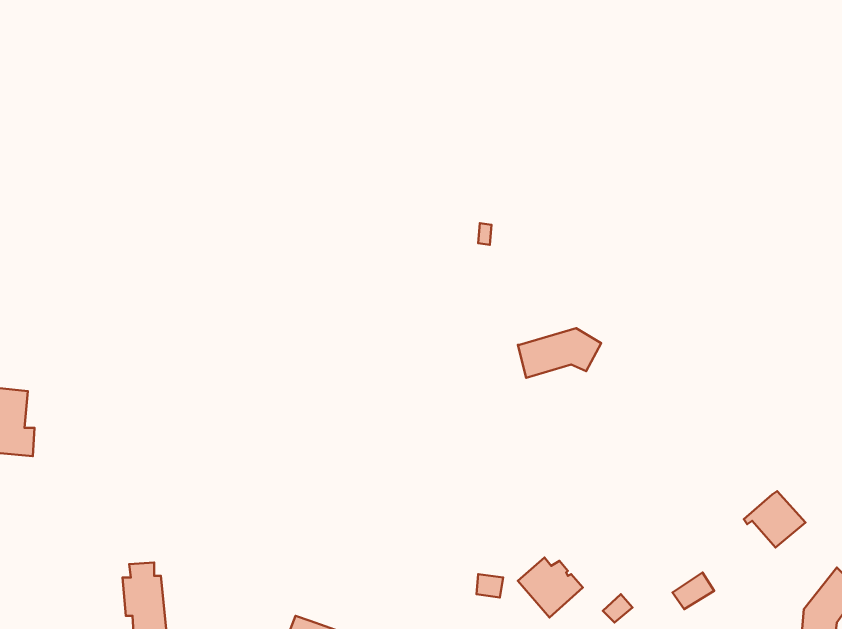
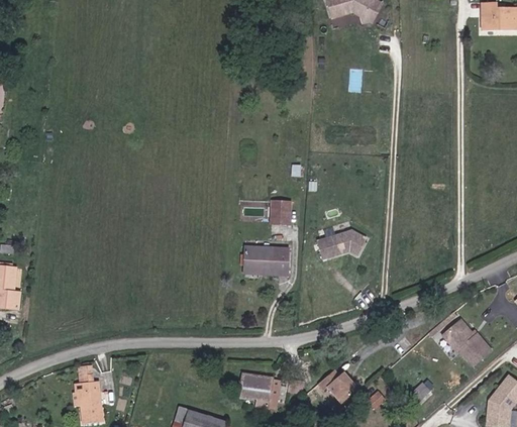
building: none -> [272,200,290,224]
building: none -> [240,245,288,273]
building: none -> [442,319,471,346]
building: none -> [237,373,272,398]

